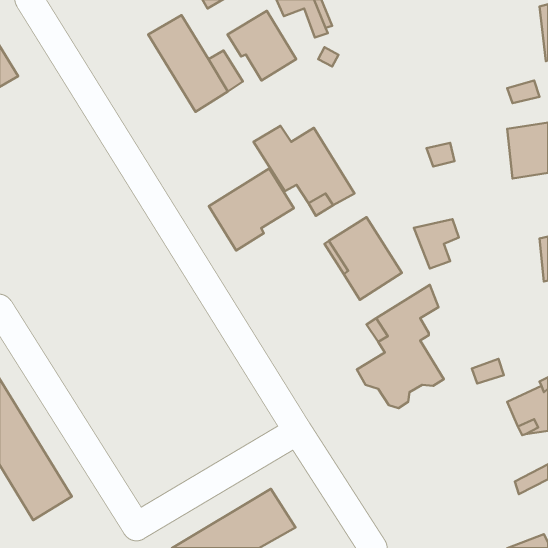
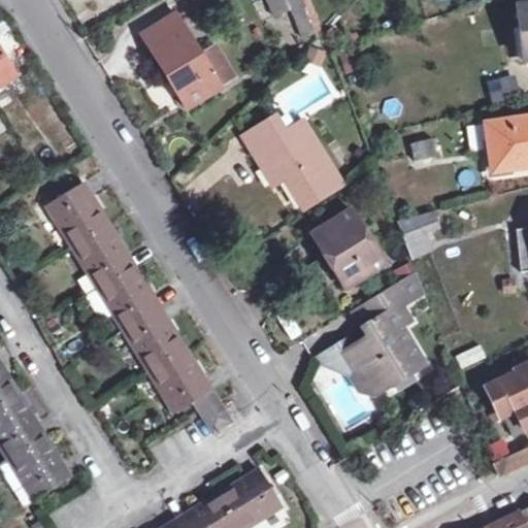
building: [228,11,296,81] -> none
building: [209,169,294,251] -> none
building: none -> [44,177,230,430]

